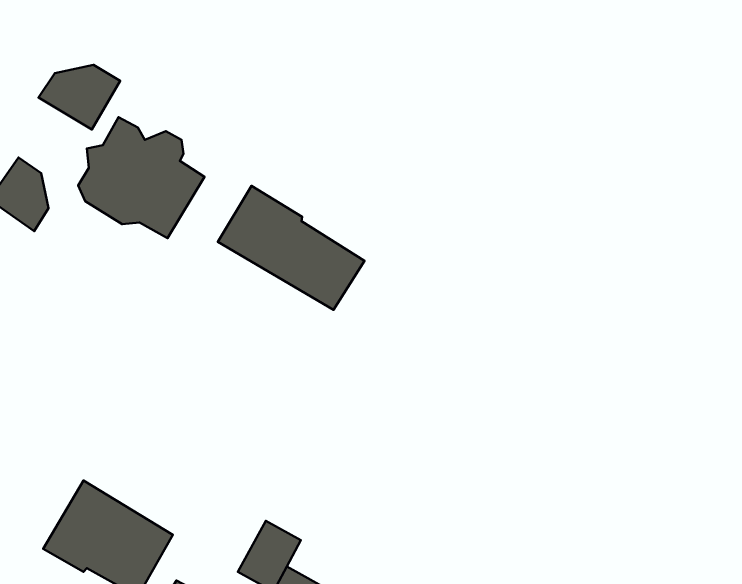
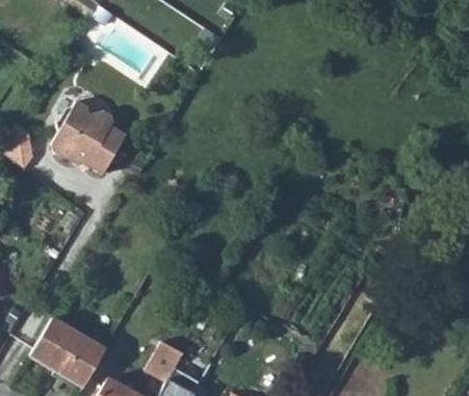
building: [38,65,120,129] -> none
building: [218,186,365,310] -> none

